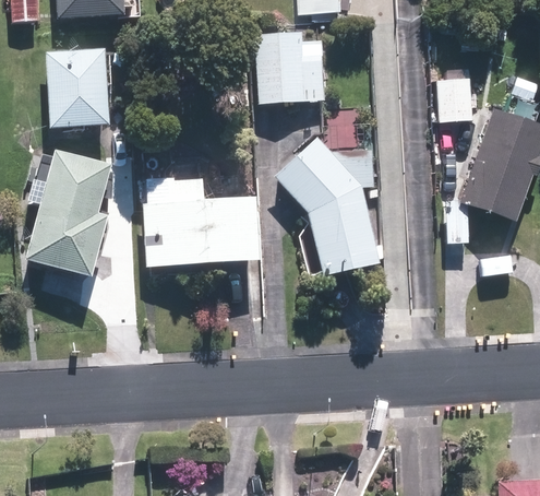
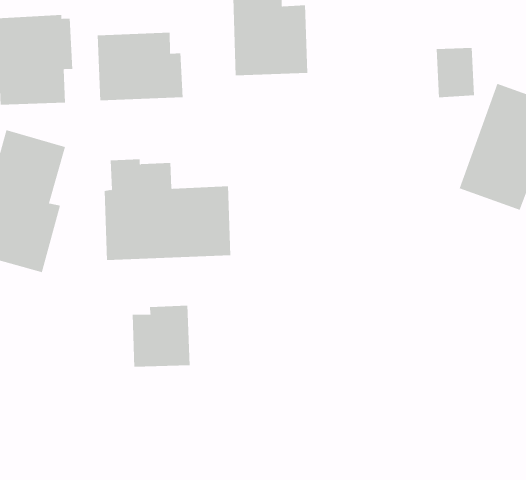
building: none -> [97,32,183,101]
building: [274,138,377,277] -> none
building: none -> [132,305,190,368]

